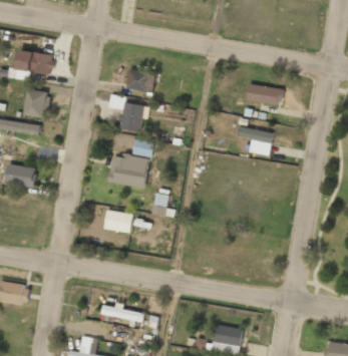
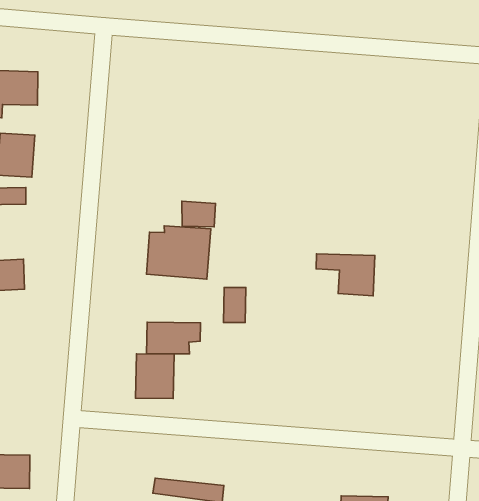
building: [127,71,154,91] -> none
building: [246,84,282,105] -> none
building: [108,94,144,131] -> none
building: [237,127,273,155] -> [316,254,375,296]
building: none -> [136,354,174,398]

